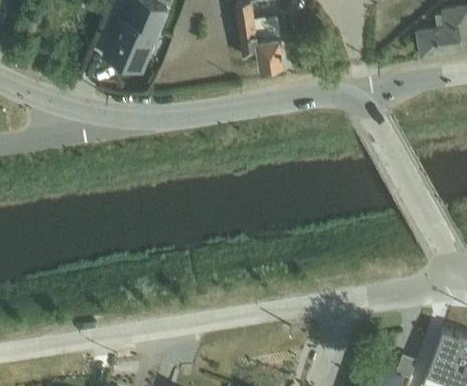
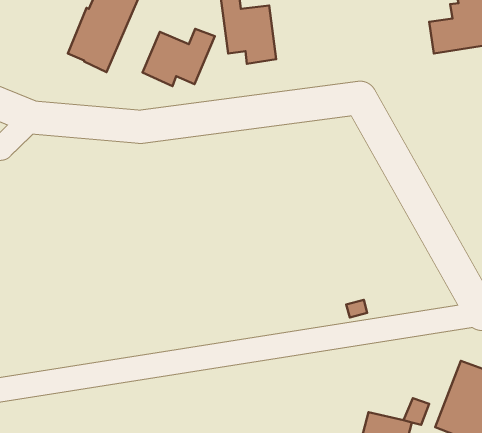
building: none -> [142,29,215,86]

